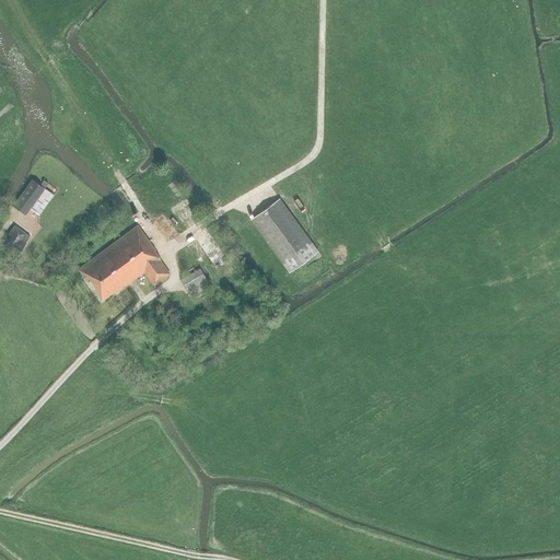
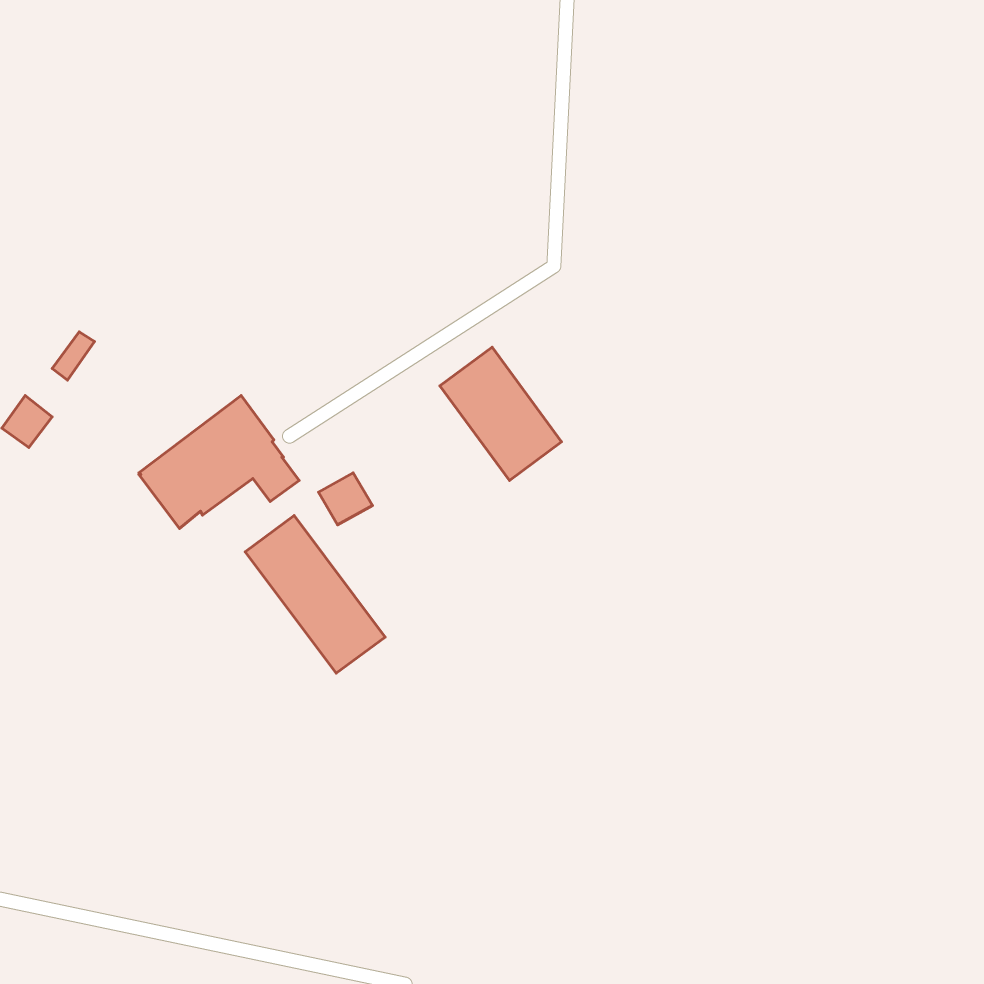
building: [13,178,46,214] -> none
building: none -> [245,516,385,673]

